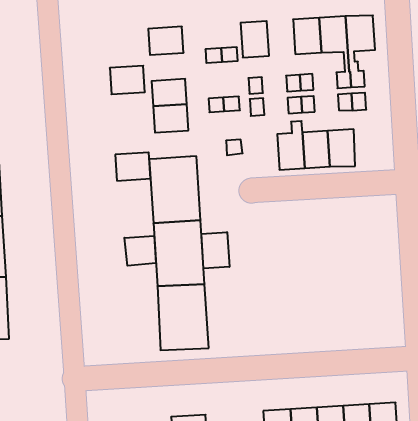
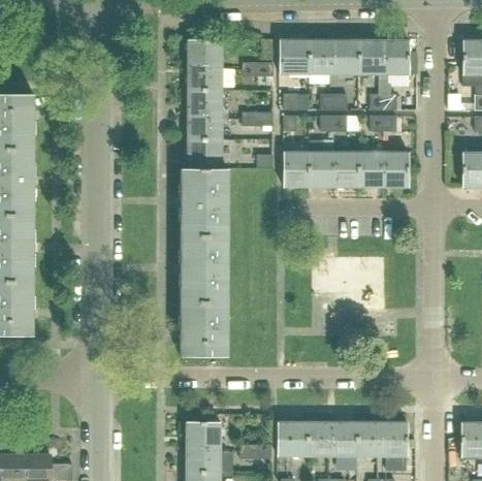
building: none -> [304,40,330,74]
building: [110,66,145,94] -> [188,66,221,92]
building: none -> [382,152,408,188]
building: none -> [283,152,308,187]
building: [115,152,150,181] -> [188,142,221,168]
building: [201,232,229,269] -> none
building: [124,236,156,266] -> none

